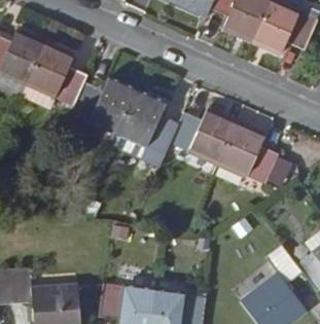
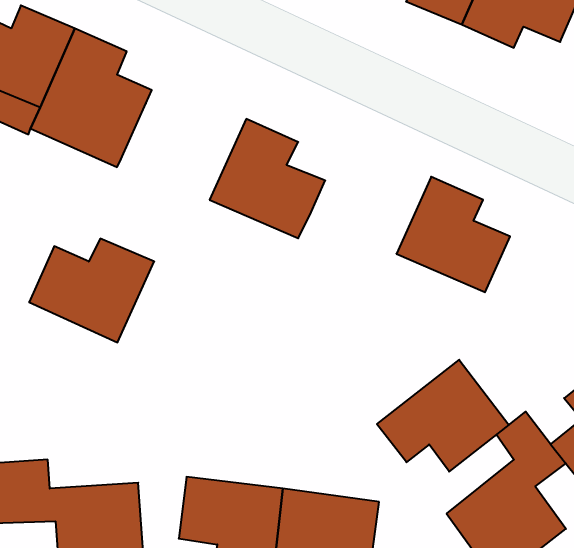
building: [70,78,137,134] -> [29,239,154,342]
building: [171,109,236,163] -> none
building: none -> [377,360,509,472]

